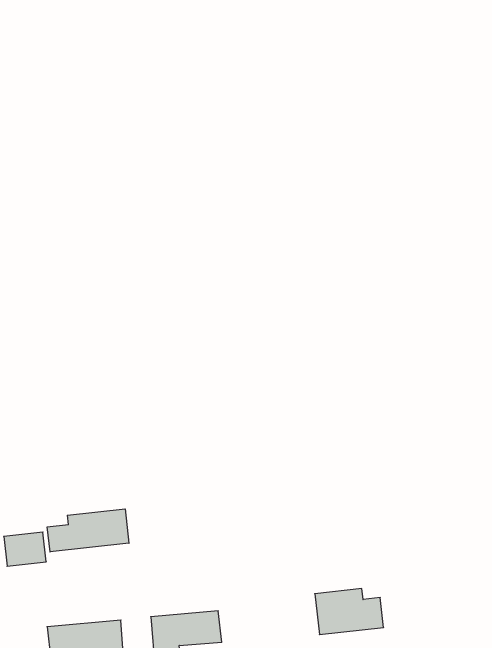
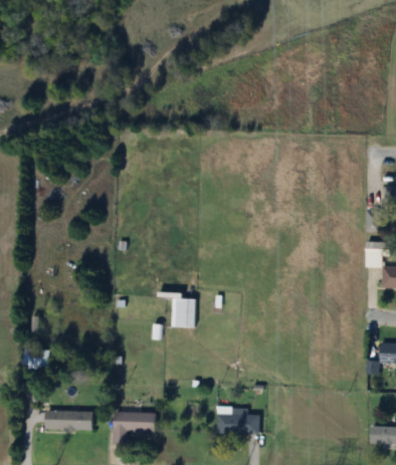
building: none -> [171,298,195,326]
building: [47,509,129,552] -> none

